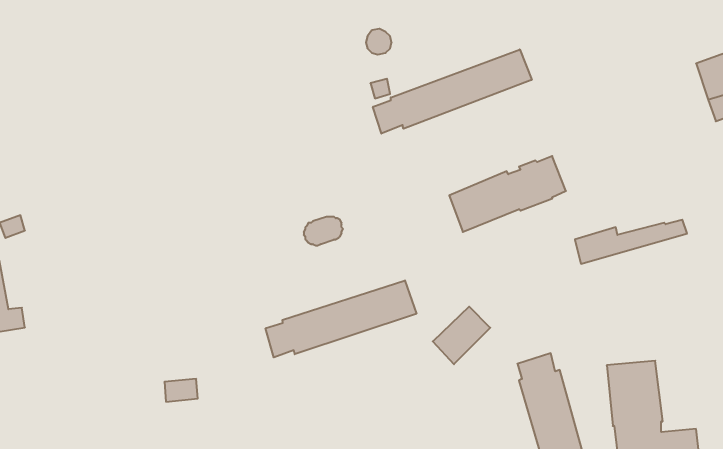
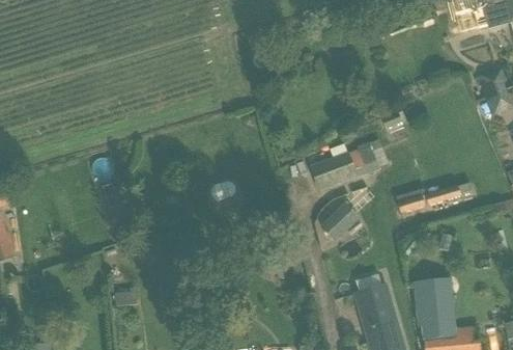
building: [373,49,532,134] -> none
building: [266,280,416,357] -> none
building: [433,307,490,364] -> [319,203,359,242]

